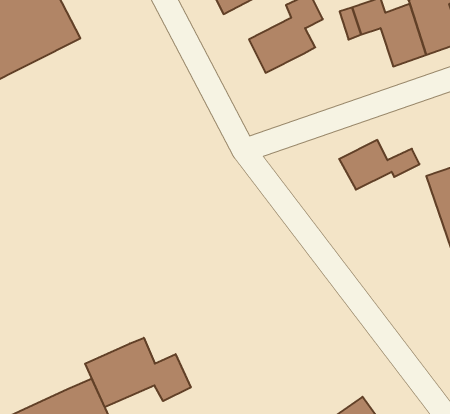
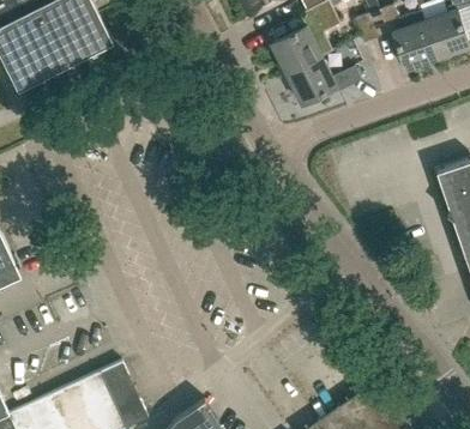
building: [339,140,420,190] -> [285,58,361,104]
building: [85,338,191,407] -> none

